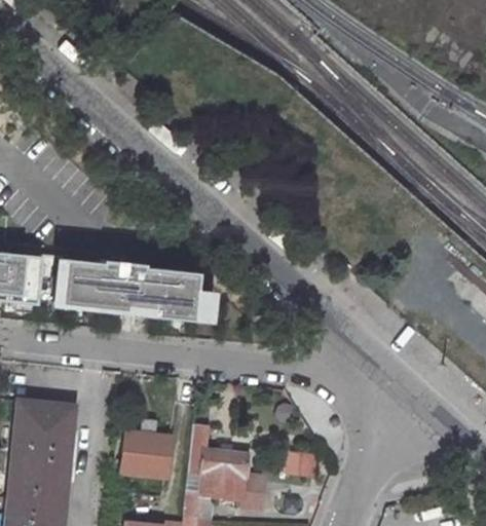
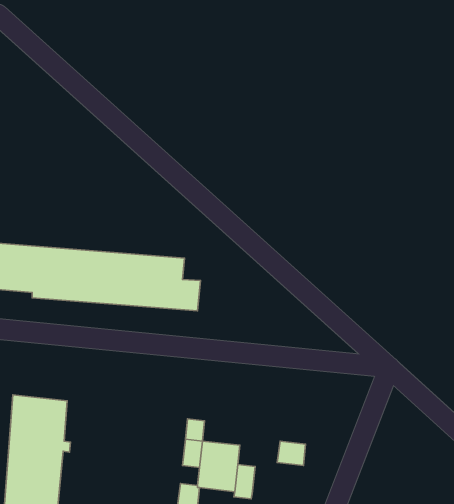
building: [123,426,173,479] -> none

